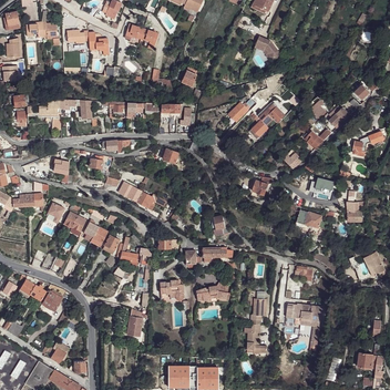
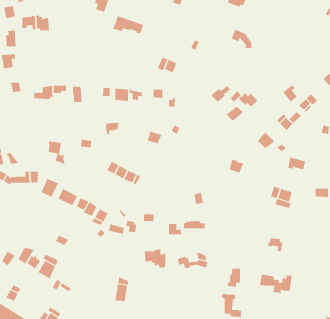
building: [66,29,107,49] -> none

